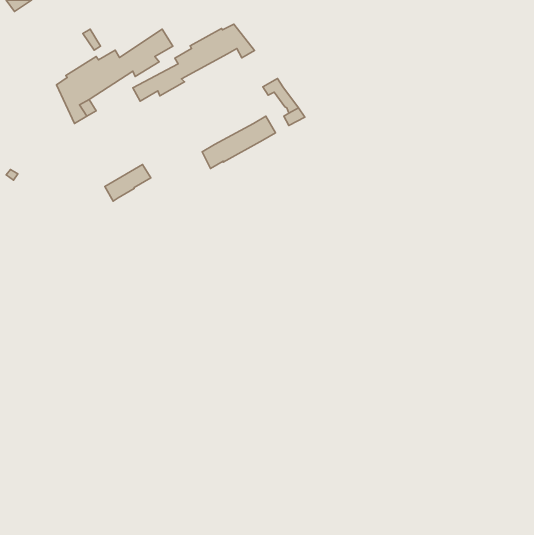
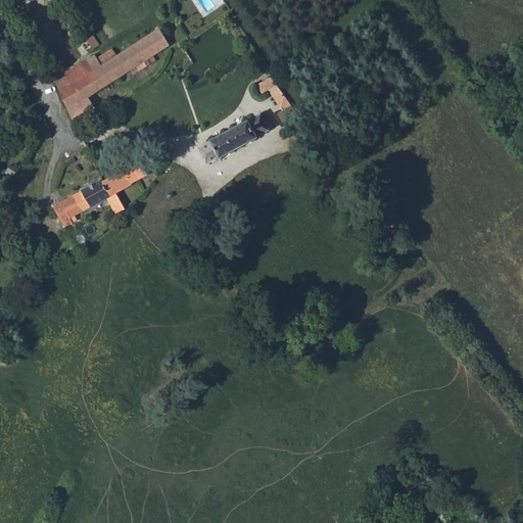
building: [133,24,254,101] -> none
building: none -> [52,180,125,227]

